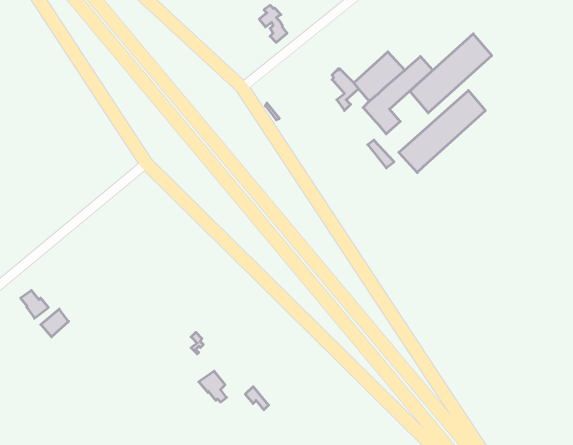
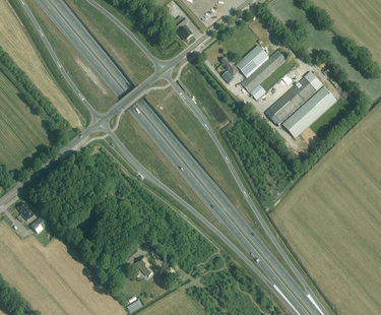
building: [410,34,492,113] -> [281,85,335,137]

